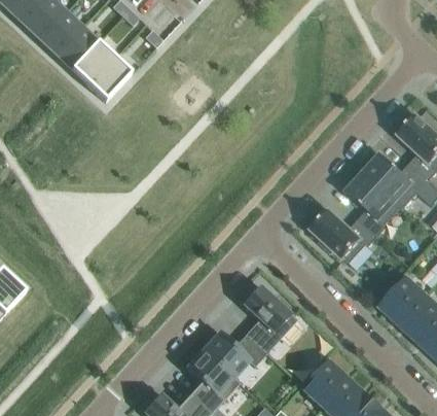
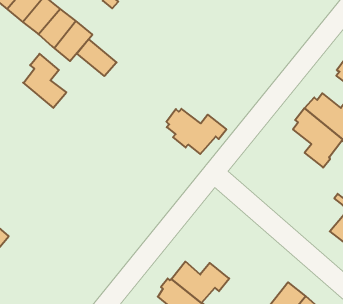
building: none -> [77,39,117,76]
building: none -> [23,54,66,108]
building: [312,210,377,262] -> [166,109,226,154]
building: [243,285,297,352] -> none

